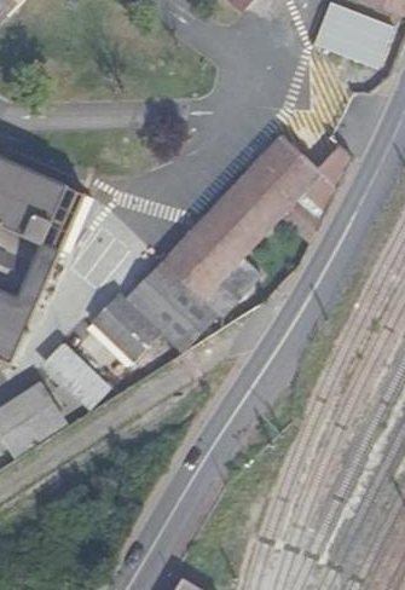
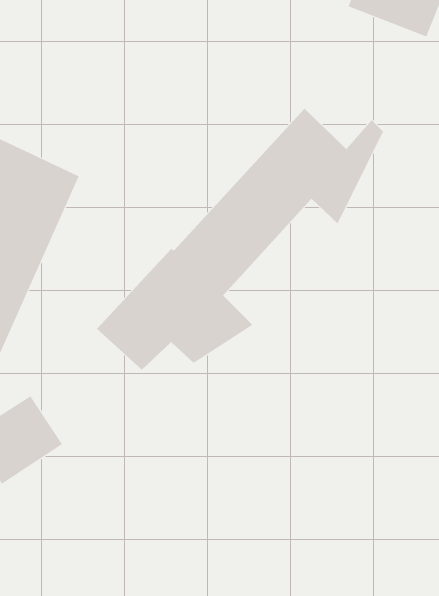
building: [40,342,110,411] -> none

